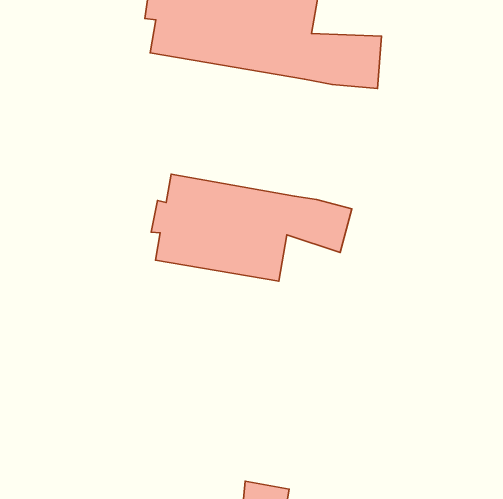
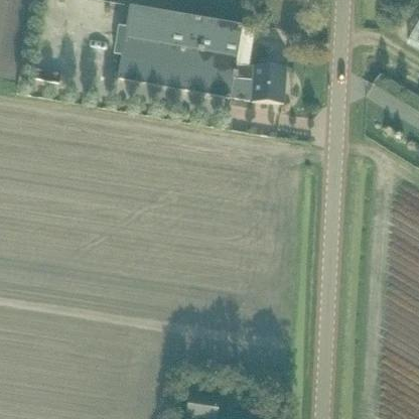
building: [151,174,352,281] -> none

